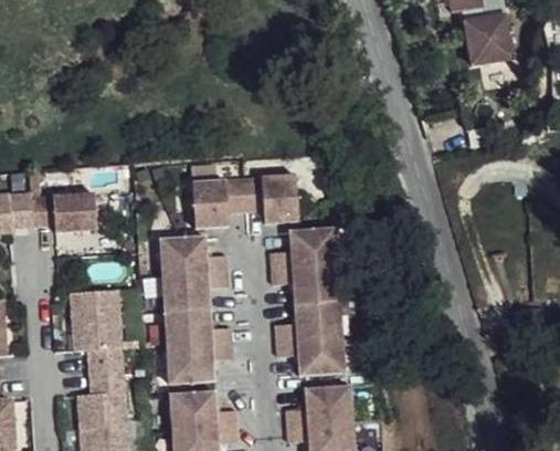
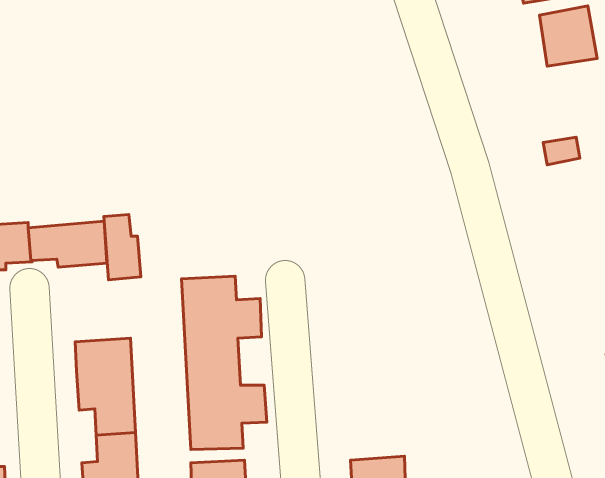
building: [194,178,300,228] -> none
building: none -> [104,214,141,280]
building: [273,231,344,377] -> none

